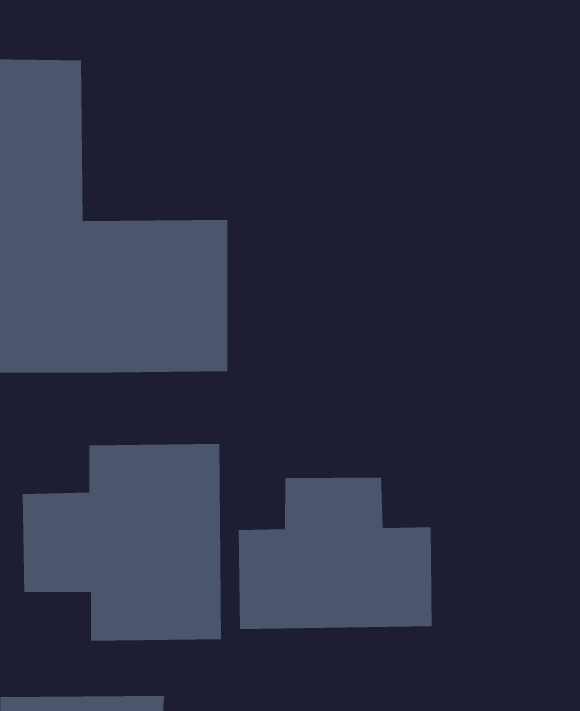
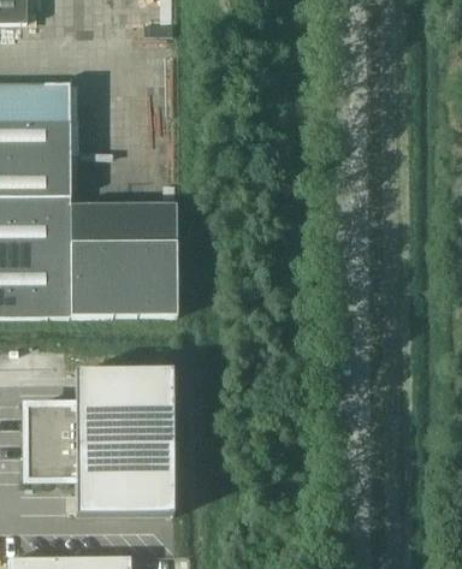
building: [238,477,433,630] -> none

